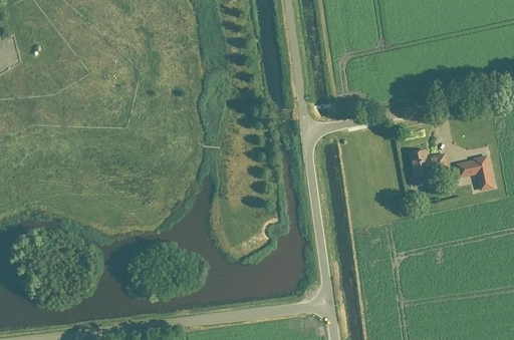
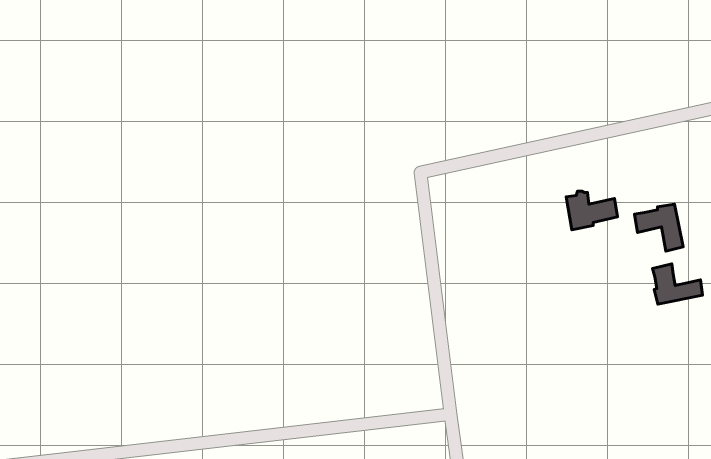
building: none -> [653,264,703,304]

